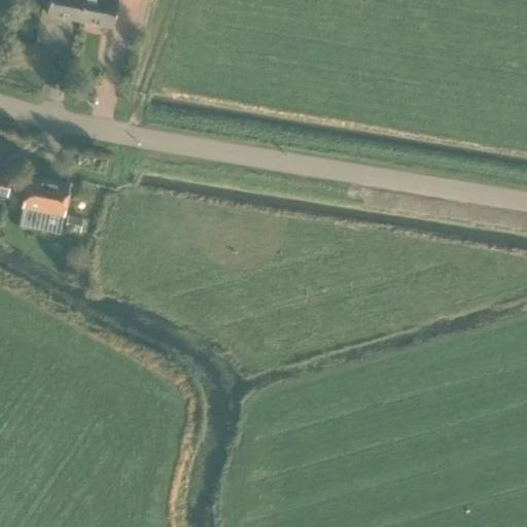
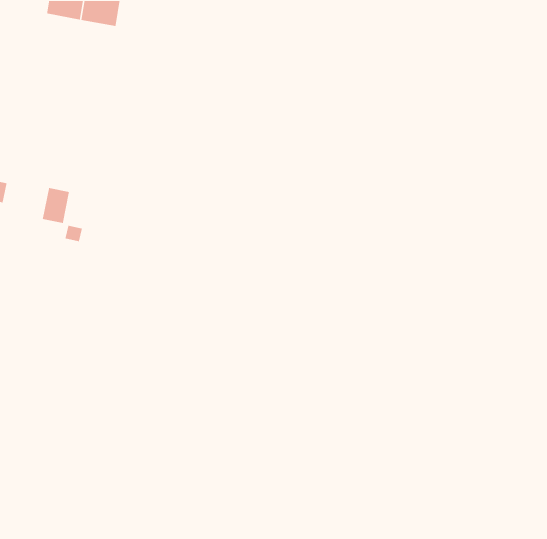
building: [20,185,46,220] -> none

